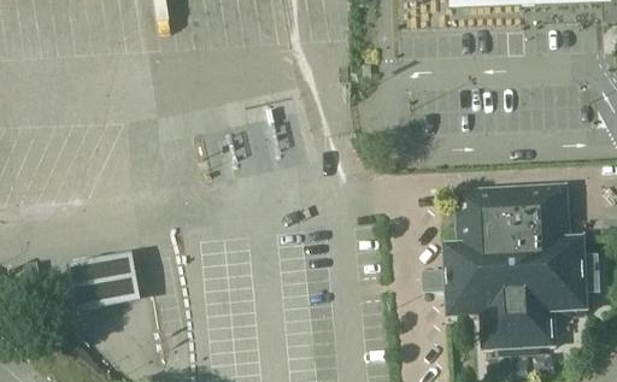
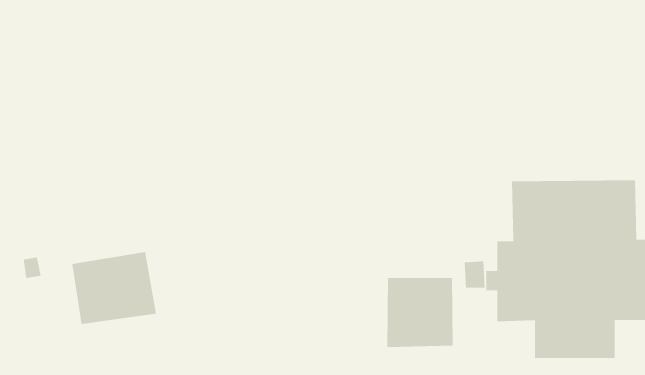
building: none -> [387,277,453,348]

